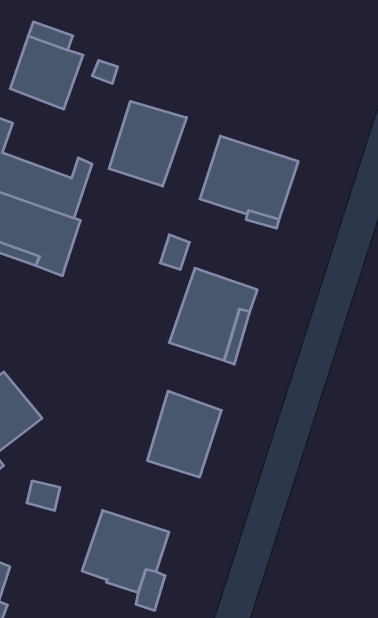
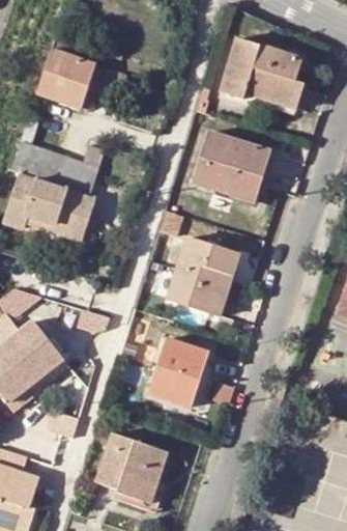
building: none -> [222,38,303,111]
building: [109,101,187,186] -> none

